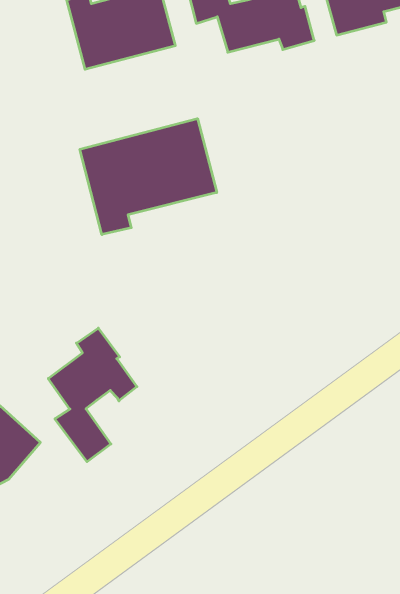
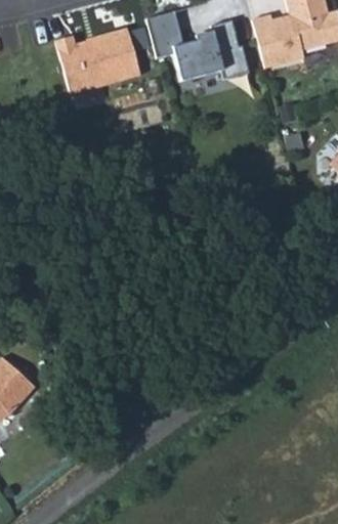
building: [80,119,217,235] -> none
building: [48,328,137,462] -> none

